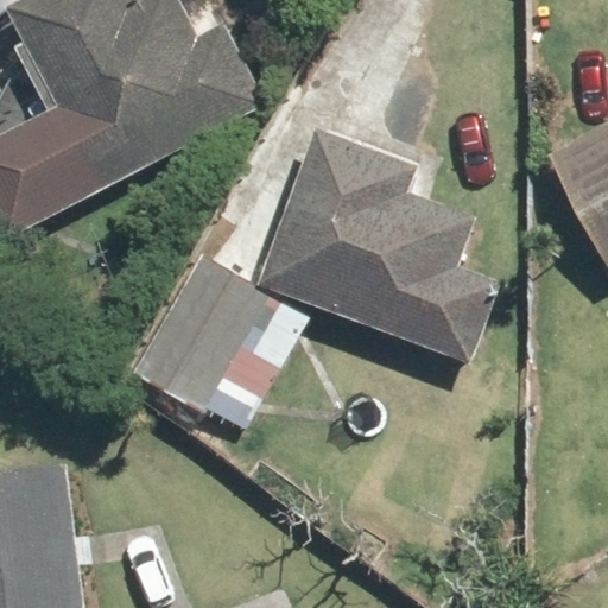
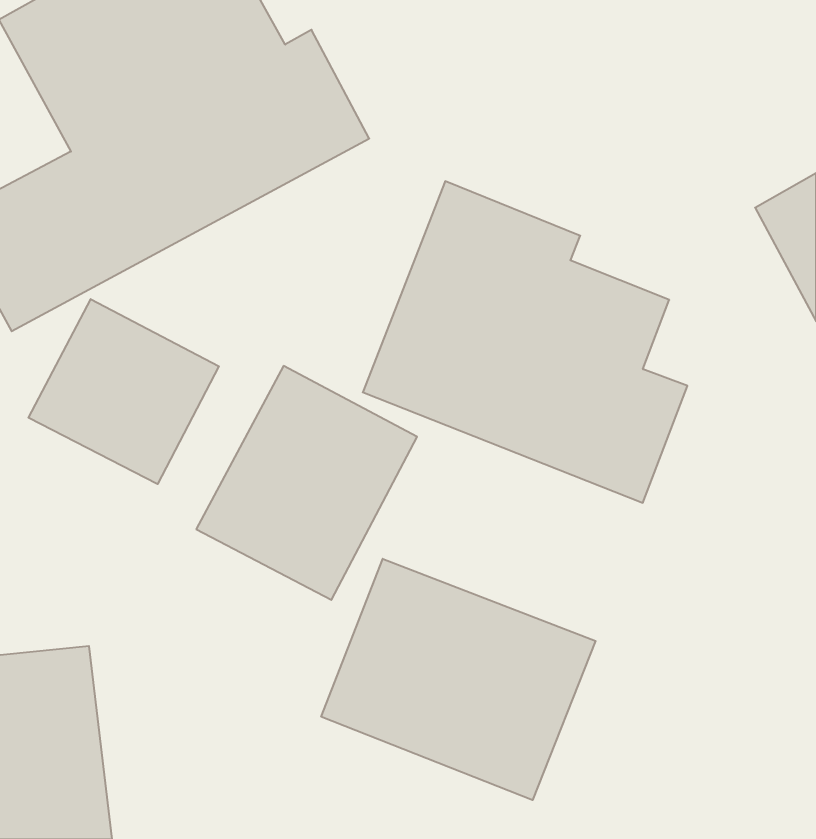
building: none -> [28,299,219,484]
building: none -> [321,559,596,800]

